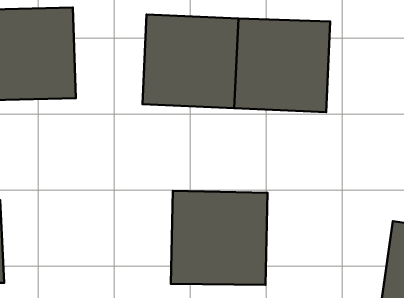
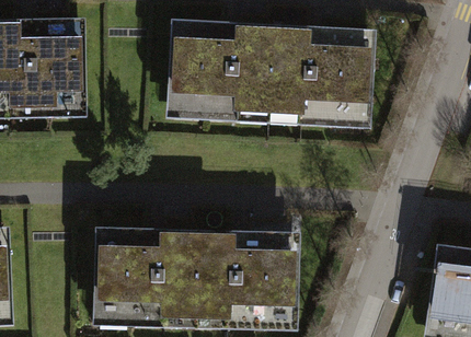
building: none -> [93,214,199,316]

